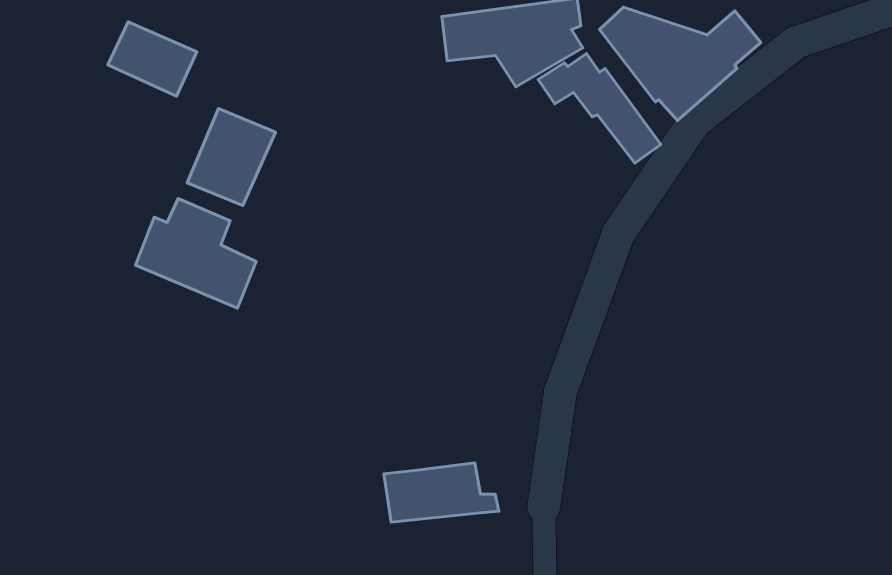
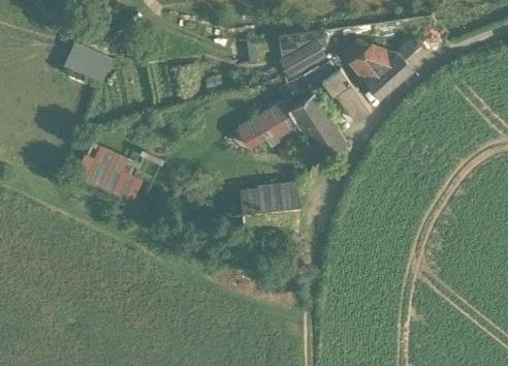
building: [187,108,276,205] -> none
building: none -> [233,93,345,157]
building: [384,463,499,522] -> [241,185,305,218]

